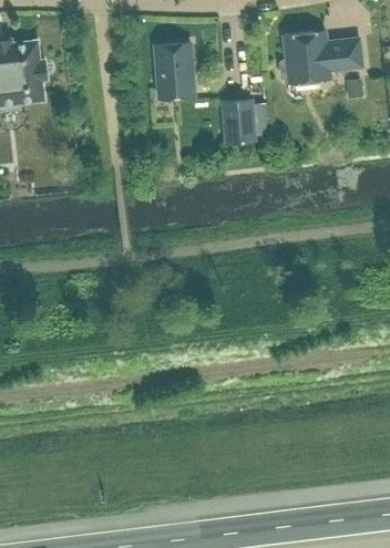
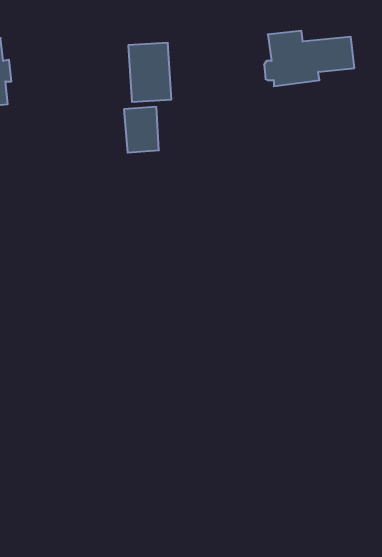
building: [222,101,254,143] -> [124,107,159,153]

